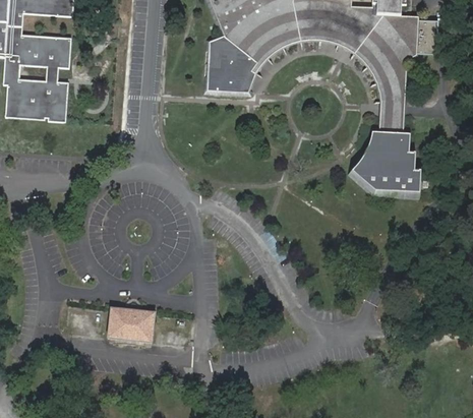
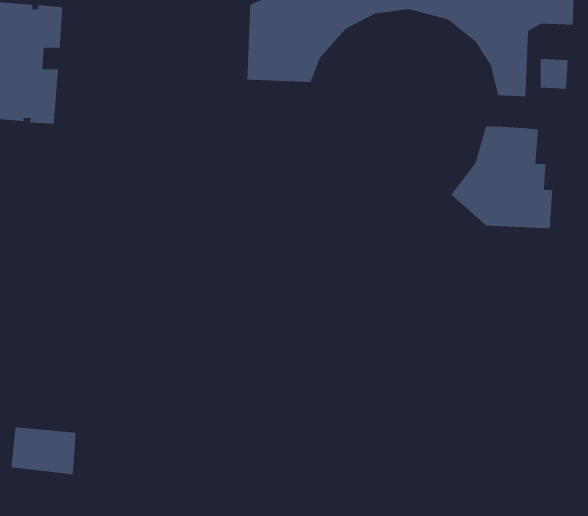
building: [380,101,401,123] -> [540,58,568,90]
building: [109,306,156,341] -> [11,426,76,475]

